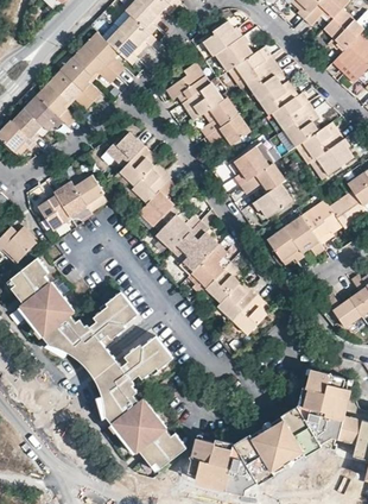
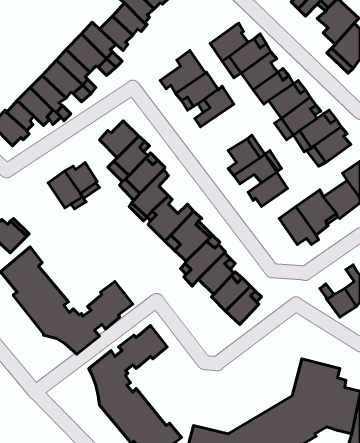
building: [203,19,241,56] -> none
building: [205,114,249,145] -> none
building: [36,193,70,229] -> none
building: [268,228,304,263] -> none
building: [82,346,116,378] -> none

